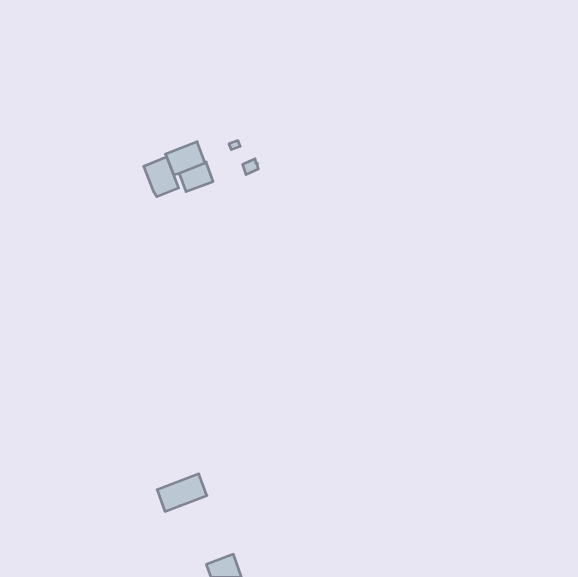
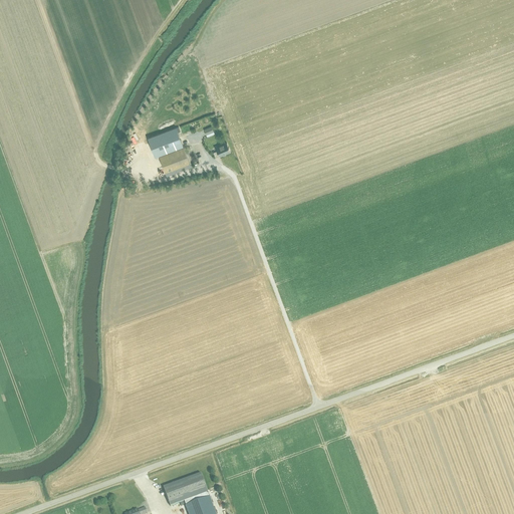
building: [144,157,179,197] -> none
building: [157,474,207,511] -> [163,472,207,505]

